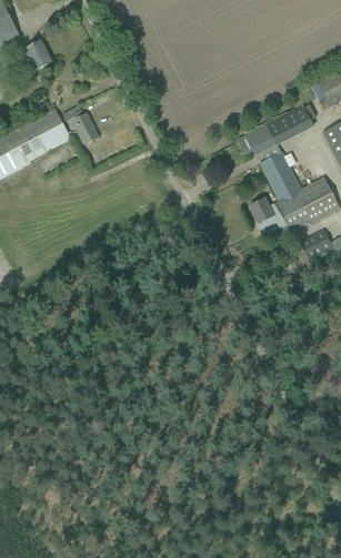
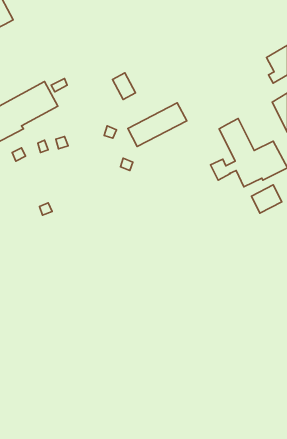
building: [24,40,51,70] -> none
building: [244,104,313,155] -> [128,103,187,146]
building: [72,113,99,144] -> [113,73,135,99]

